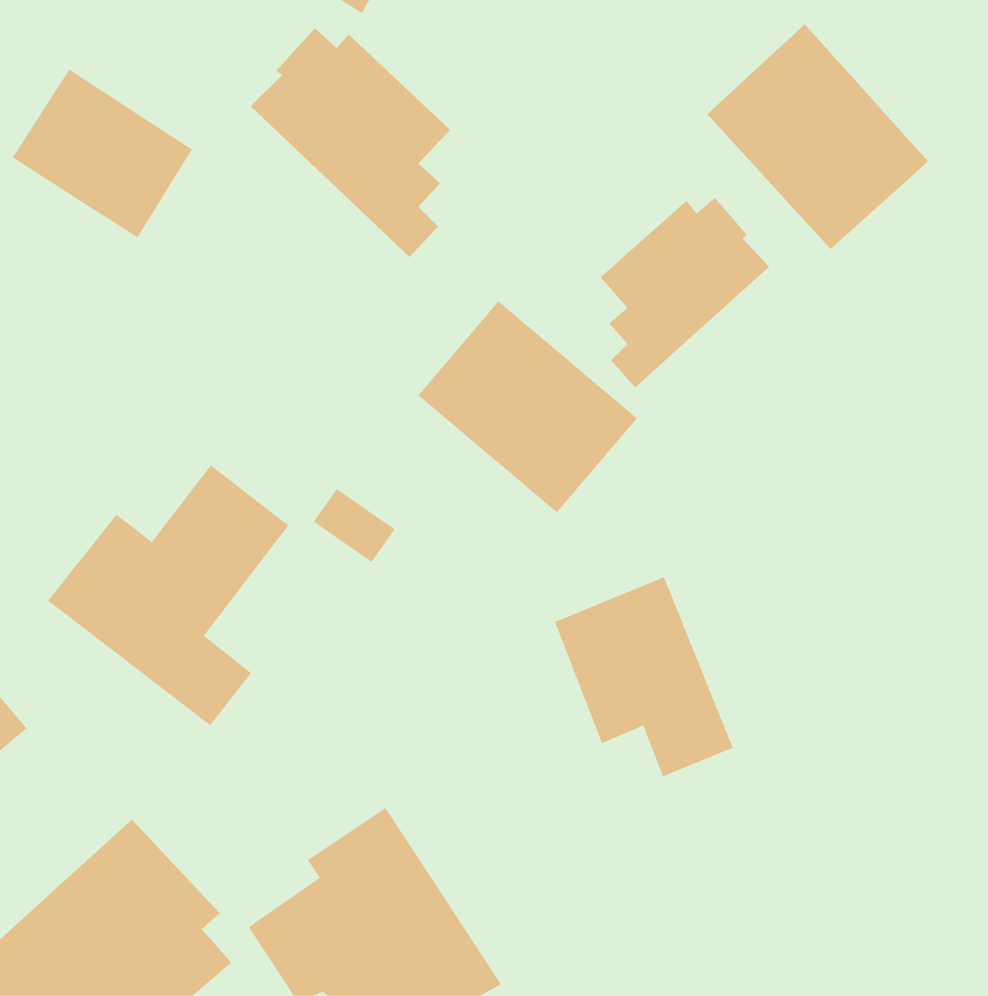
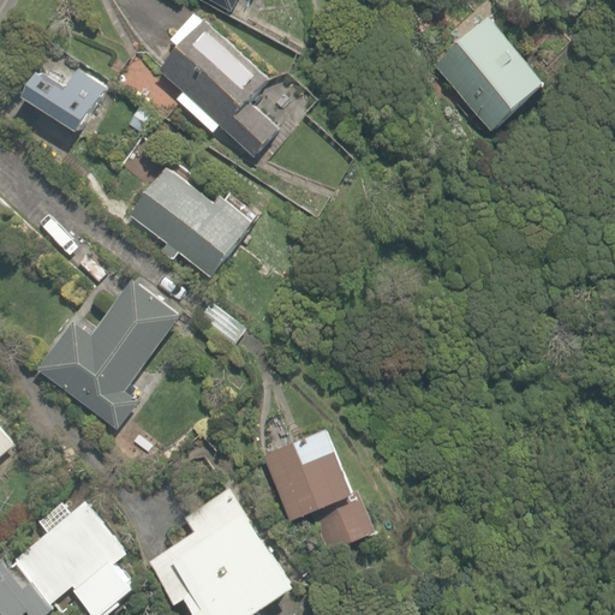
building: [600,197,770,388] -> none
building: [418,301,638,513] -> [120,151,255,281]
building: [554,576,733,777] -> [259,422,369,544]

